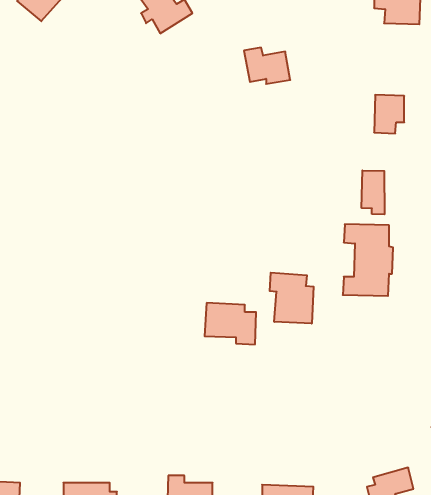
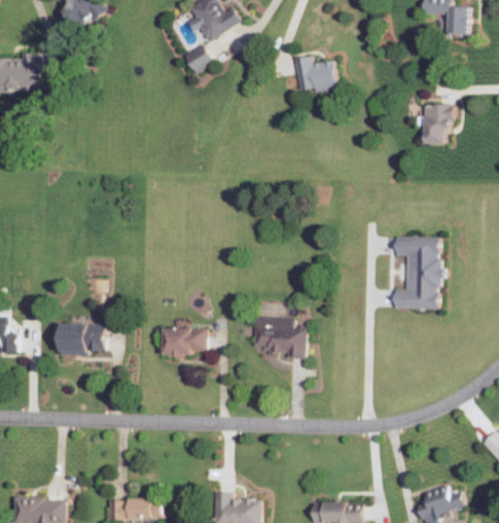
building: none -> [182,43,212,72]
building: [362,170,384,214] -> none
building: [270,273,314,324] -> none
building: none -> [60,323,104,355]
building: none -> [164,327,204,354]

